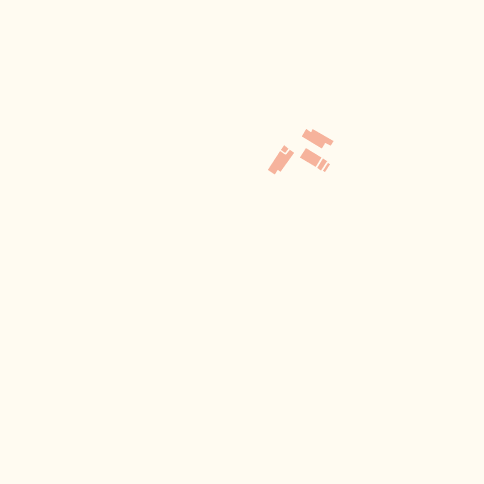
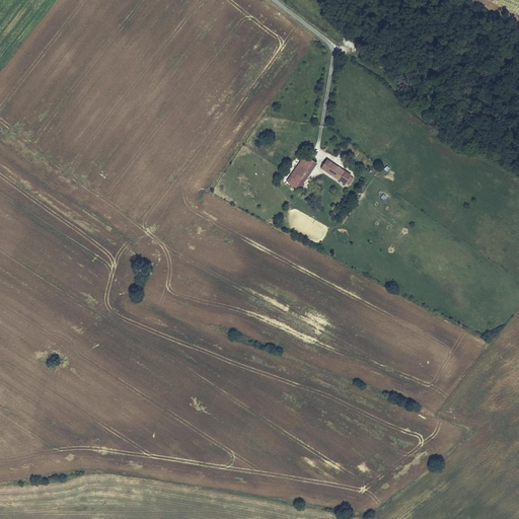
building: [301,128,334,149] -> none

